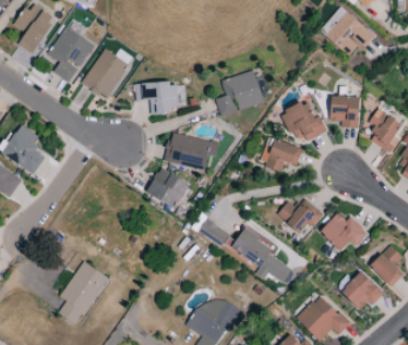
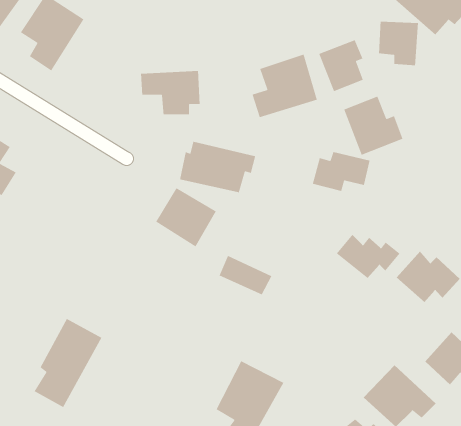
building: [84,49,129,99] -> none
building: none -> [318,39,364,92]
building: [331,96,360,128] -> [378,21,419,66]
building: [231,227,292,283] -> none

